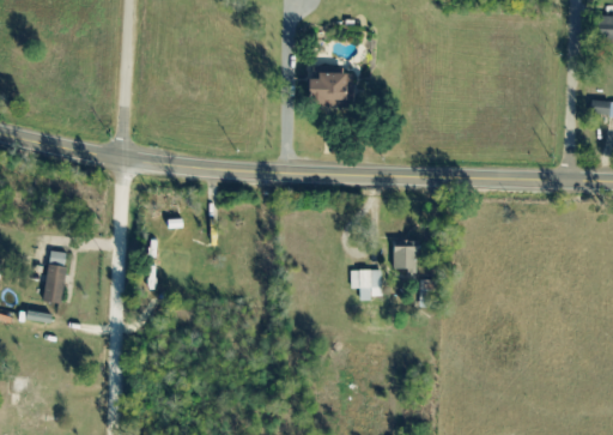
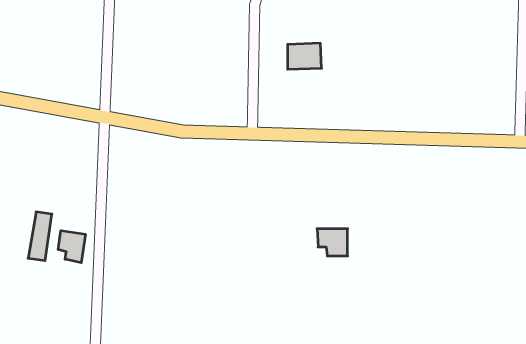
building: [389,238,417,270] -> none
building: none -> [58,231,85,263]

